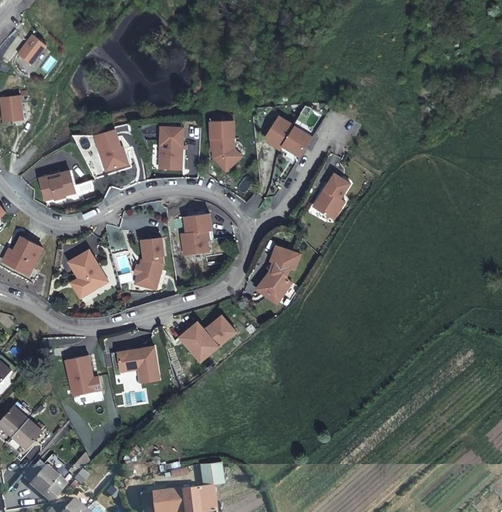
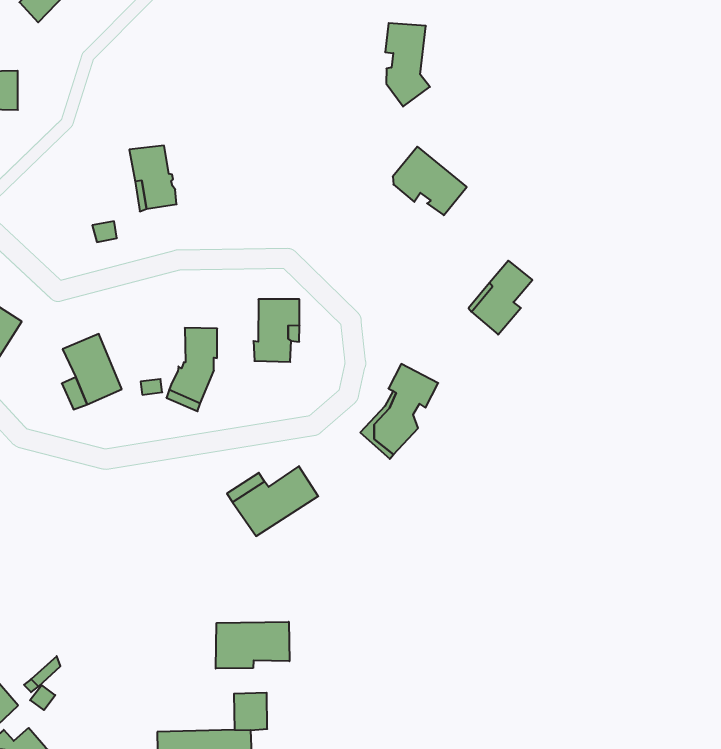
building: [210,121,240,172] -> [385,23,430,107]
building: [159,127,183,170] -> none
building: [39,171,74,200] -> none
building: [117,347,159,382] -> none
building: [64,355,100,396] -> none
building: none -> [216,622,289,669]

